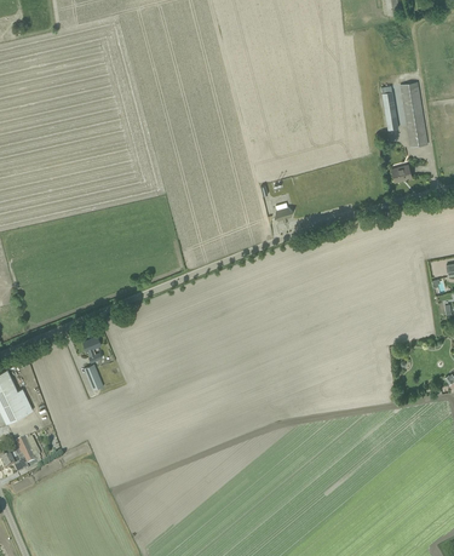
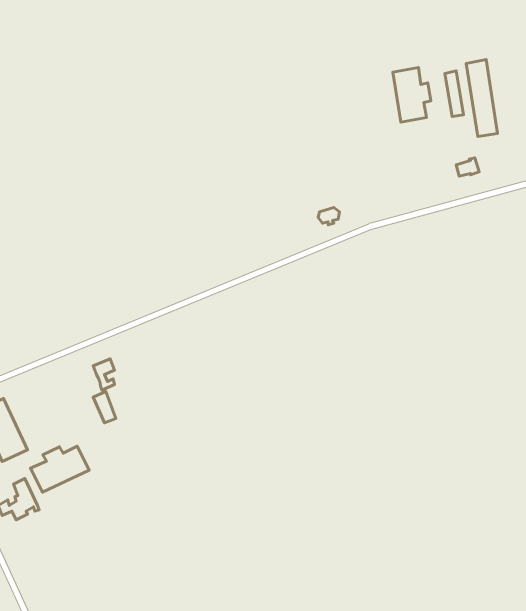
building: none -> [393,67,431,122]
building: none -> [30,446,89,492]

